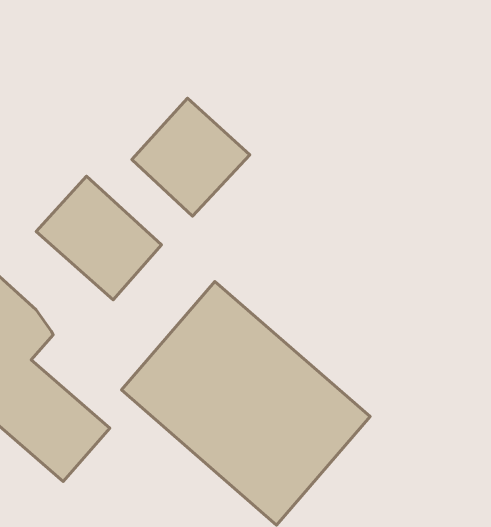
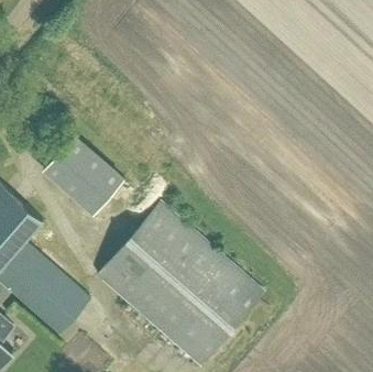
building: [132,98,250,216] -> none

